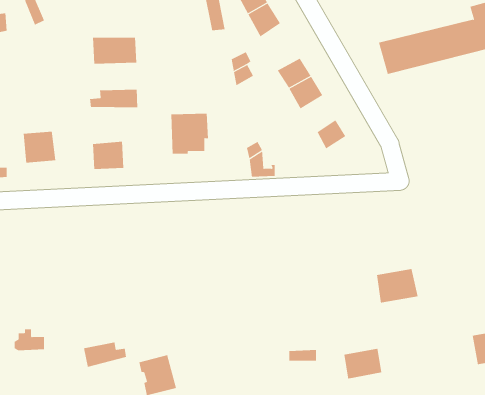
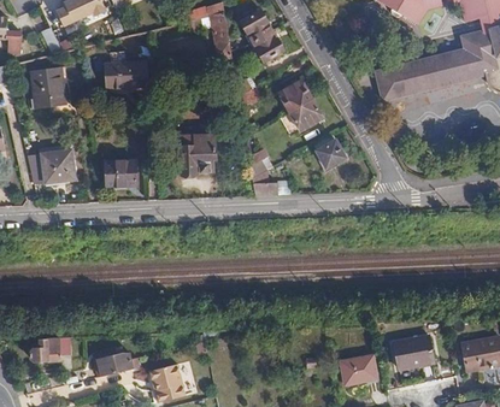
building: none -> [33,67,66,108]
building: [90,89,138,108] -> none
building: [376,268,419,303] -> [394,335,434,367]

